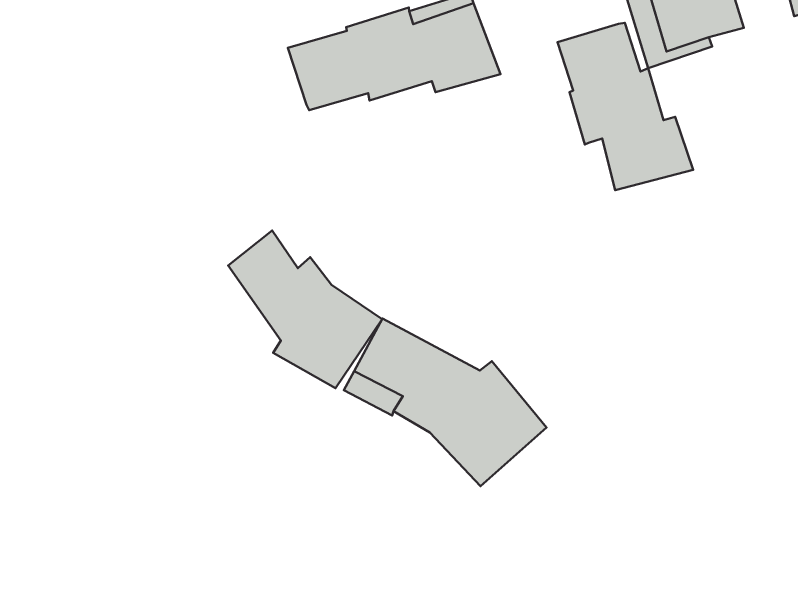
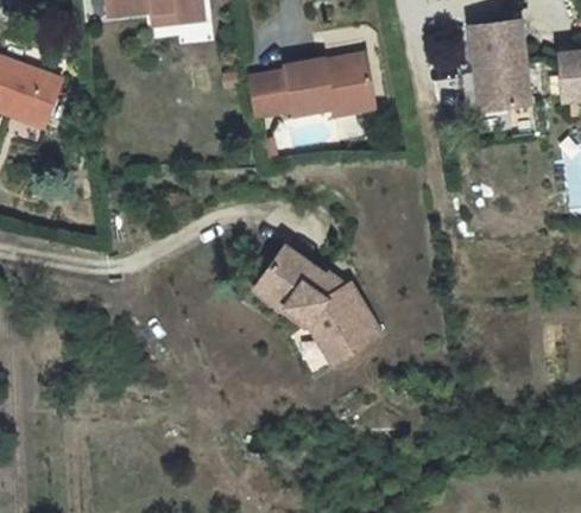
building: [558,23,693,190] -> none
building: [228,230,382,388] -> none

